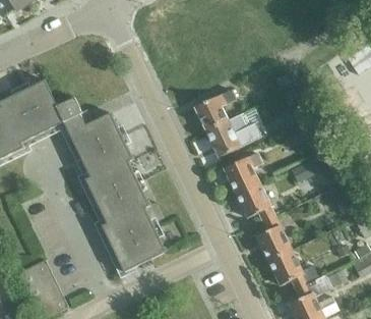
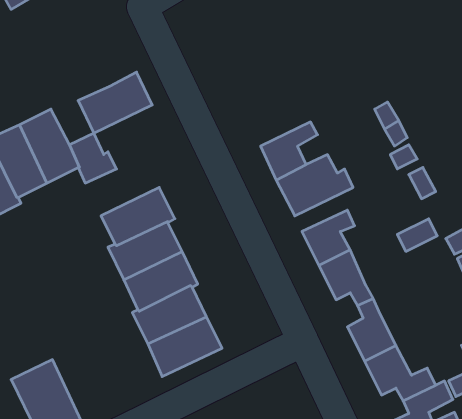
building: [68,113,121,157] -> [78,72,152,133]

